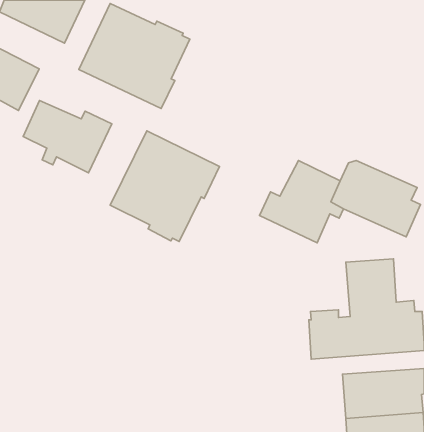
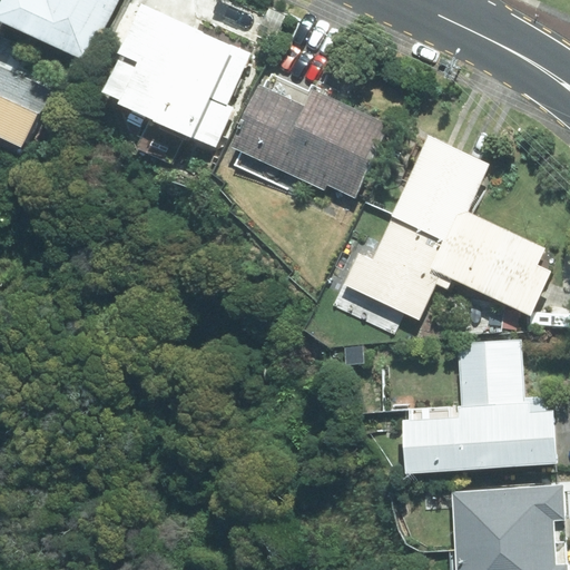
building: none -> [229,75,386,198]
building: [23,101,112,173] -> none
building: none -> [392,135,491,239]
building: [110,131,220,242] -> none

